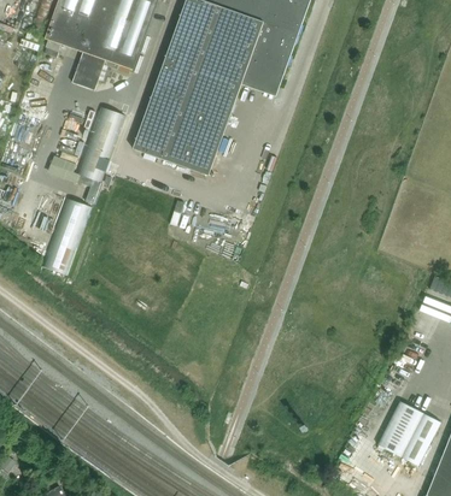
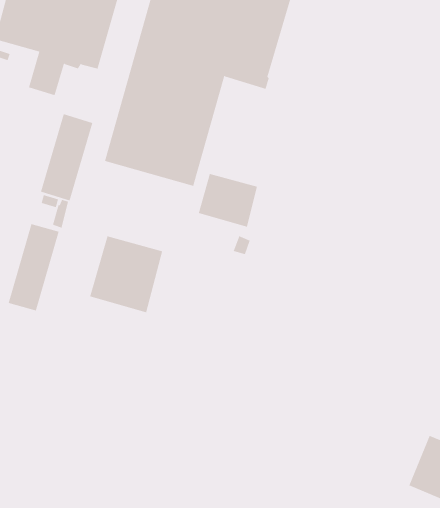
building: none -> [198,173,258,227]
building: none -> [89,236,163,313]

